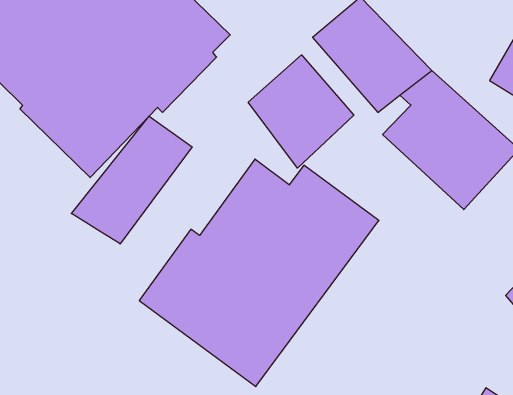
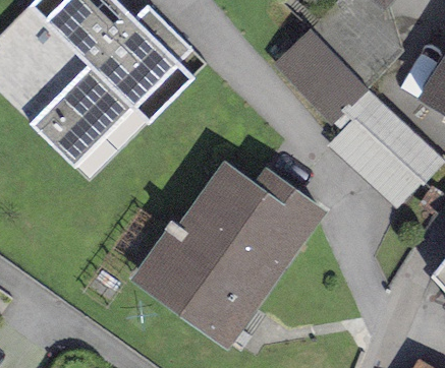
building: [248,55,354,168] -> none
building: [71,116,192,244] -> none

